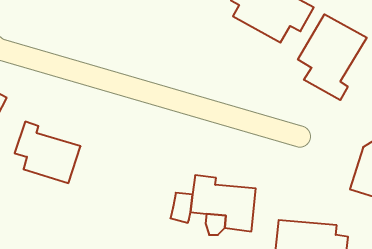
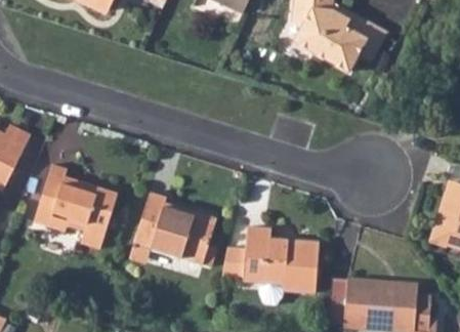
building: [298,14,367,100] -> none
building: none -> [133,192,217,264]

